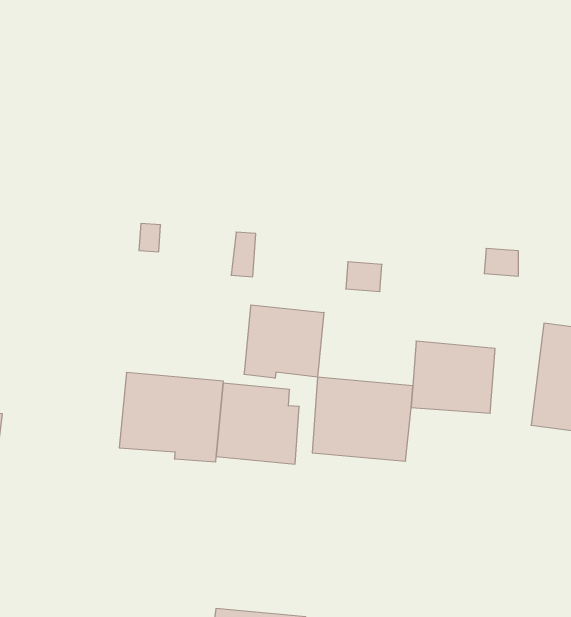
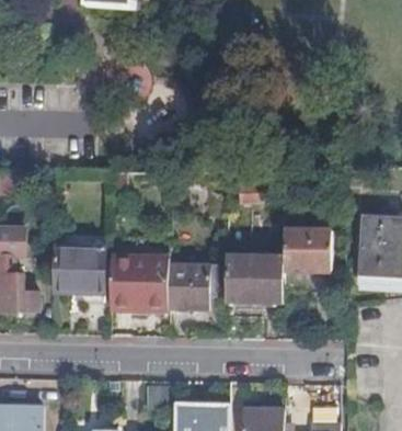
building: [244,305,324,378] -> none
building: none -> [53,247,104,294]

